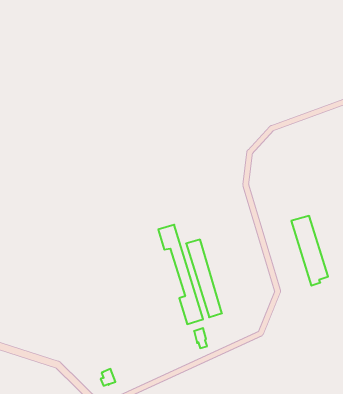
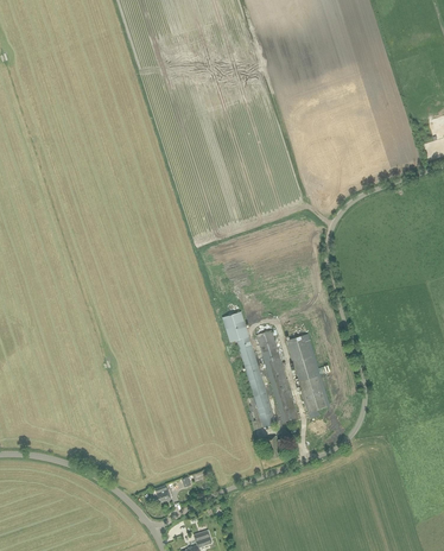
building: [291,216,328,286] -> [285,334,329,417]

